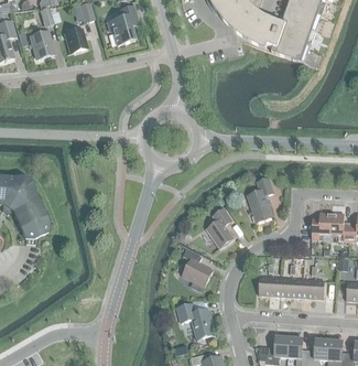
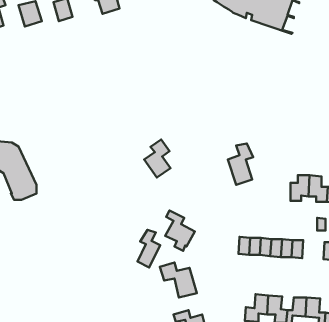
building: [206,207,234,247] -> [144,139,171,178]
building: none -> [137,230,160,267]

